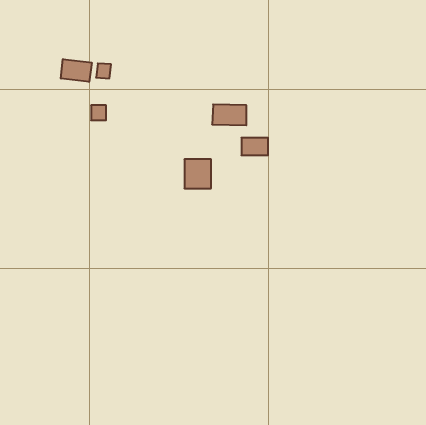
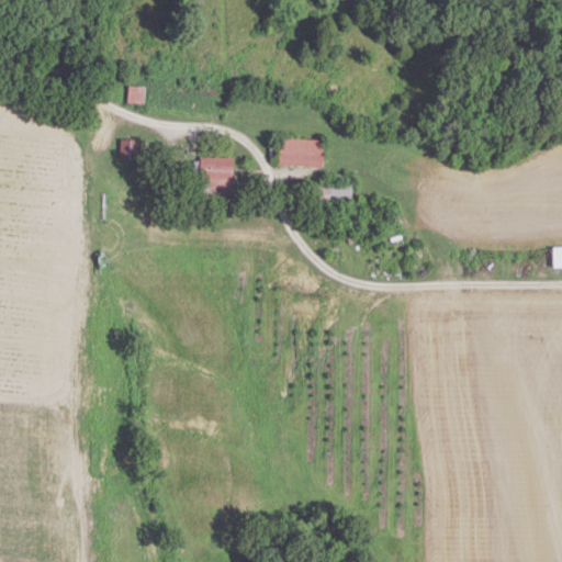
building: [61,59,92,82] -> none
building: [184,159,211,188] -> [199,158,234,196]

